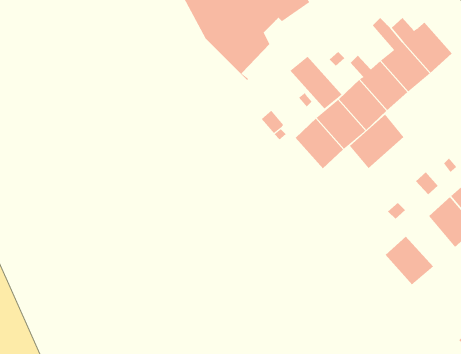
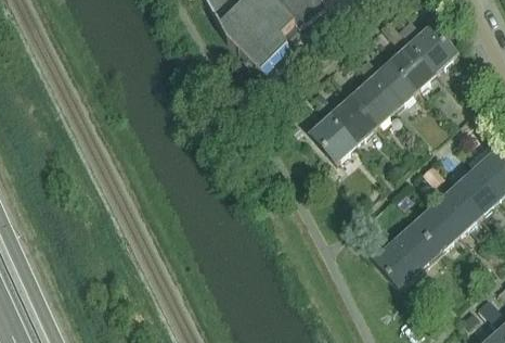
building: [289,56,343,110] -> none
building: [349,114,404,169] -> none
building: none -> [414,205,459,252]
building: none -> [373,241,419,288]

